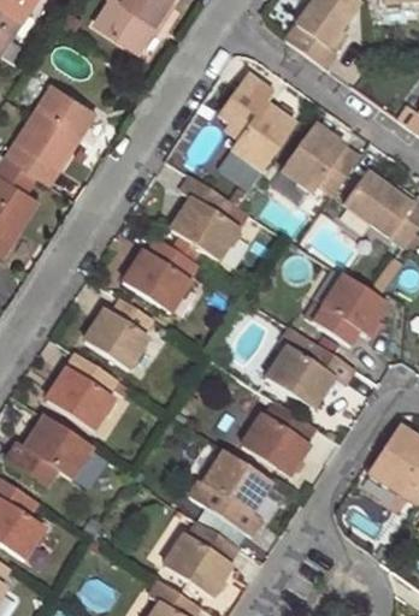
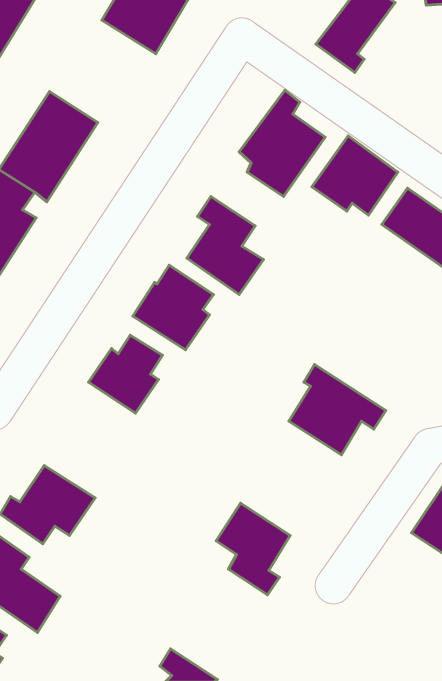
building: [314,271,380,342] -> none
building: [43,354,114,433] -> none
building: [237,399,311,474] -> none
building: [160,520,234,593] -> none

